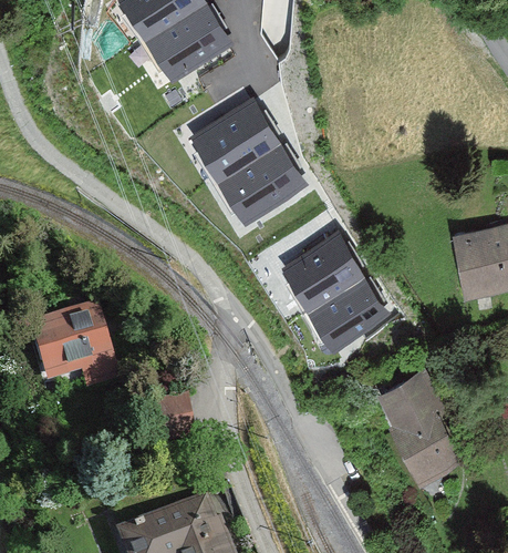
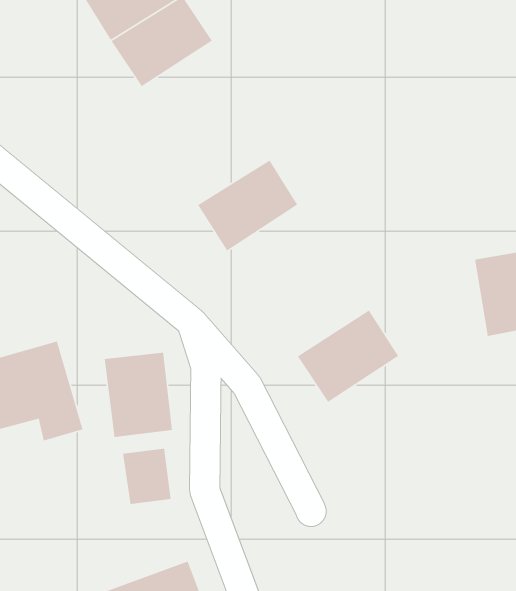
building: [193,105,280,185] -> none
building: [278,235,365,315] -> none
building: none -> [104,352,173,438]
building: [377,366,471,480] -> none

